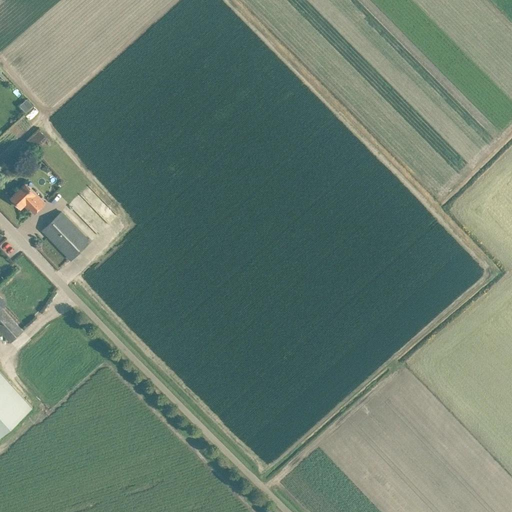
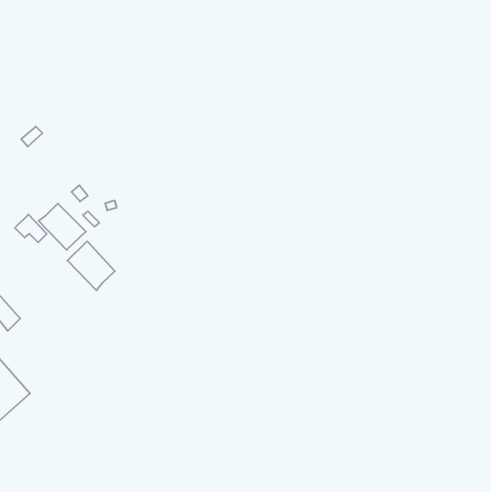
building: [9,184,42,213] -> [15,214,47,242]
building: none -> [67,241,115,290]

